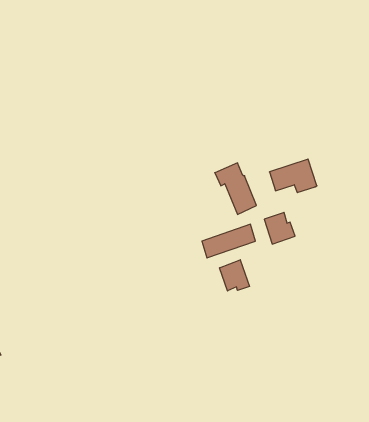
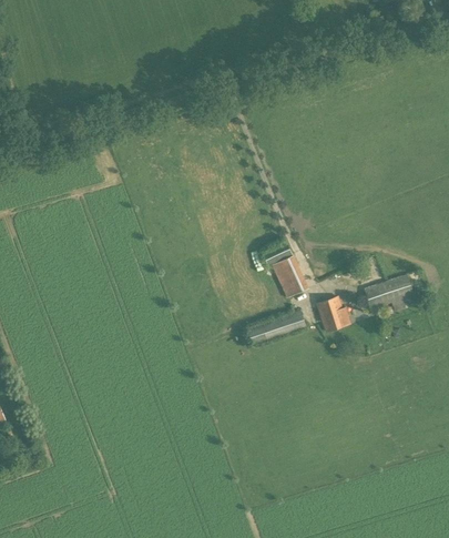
building: [269,159,317,193] -> [365,273,418,311]
building: [220,260,250,291] -> none

